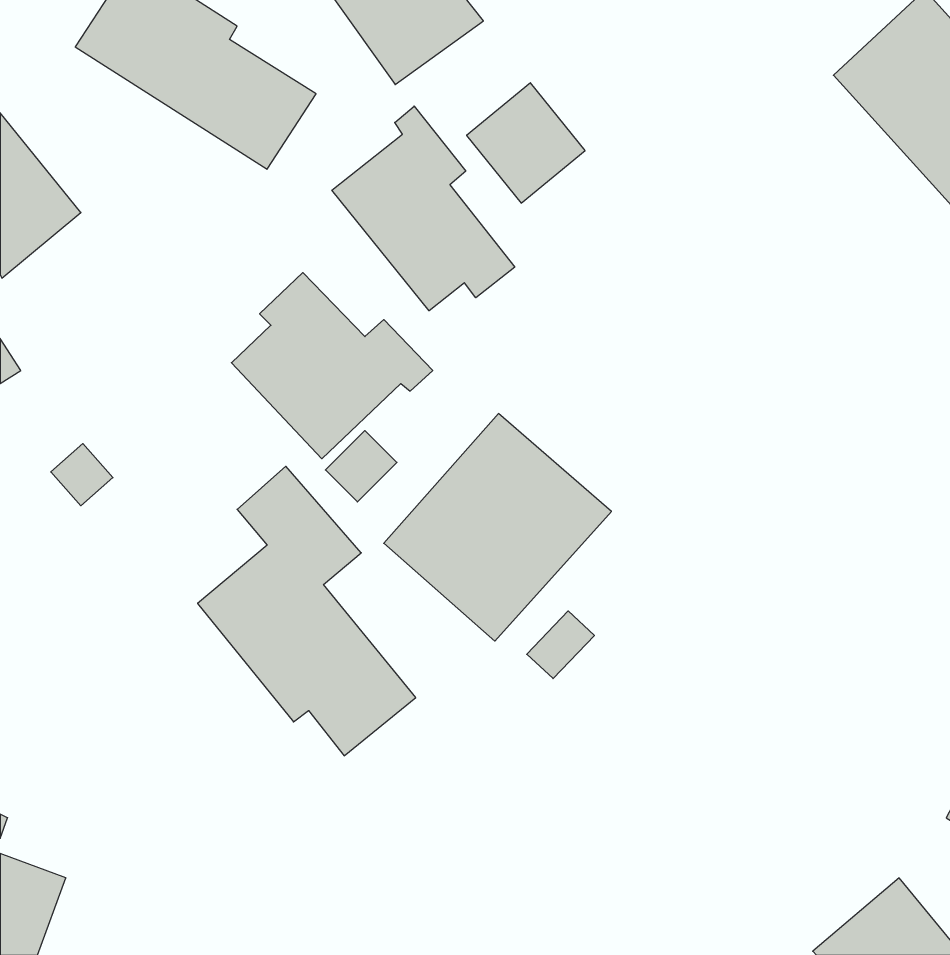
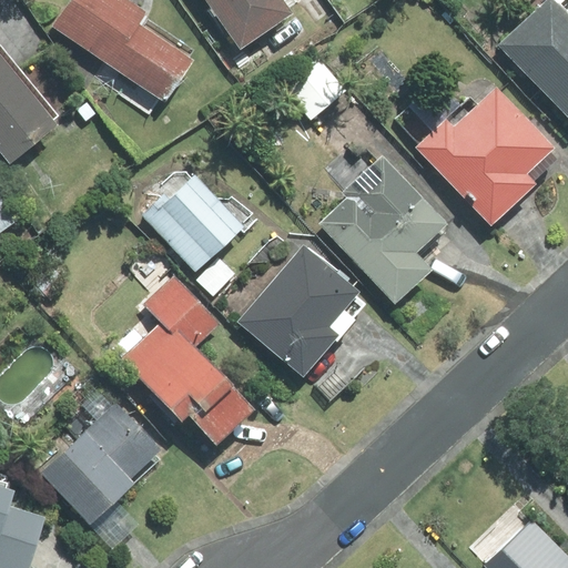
building: [332,106,515,311] -> none
building: none -> [409,77,561,225]
building: none -> [316,158,445,305]
building: none -> [39,403,161,525]

